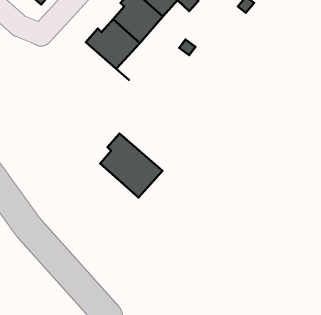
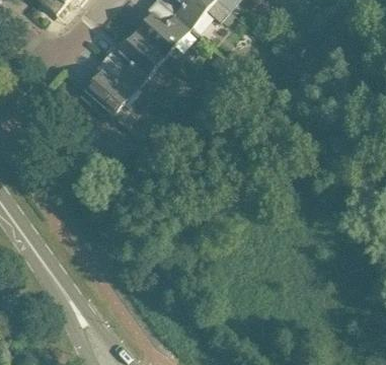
building: [100,133,162,198] -> [84,57,153,128]

